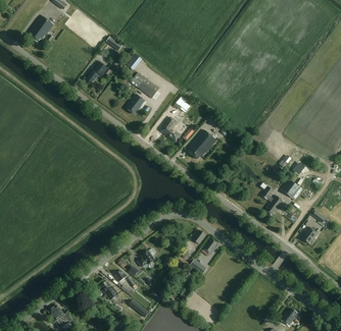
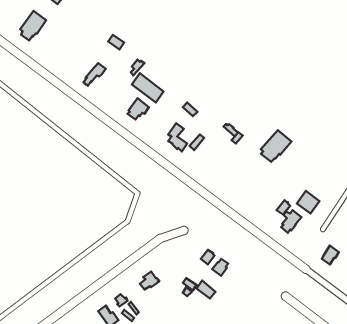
building: [189,129,216,158] -> [261,130,291,162]

